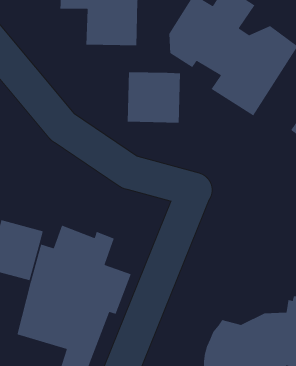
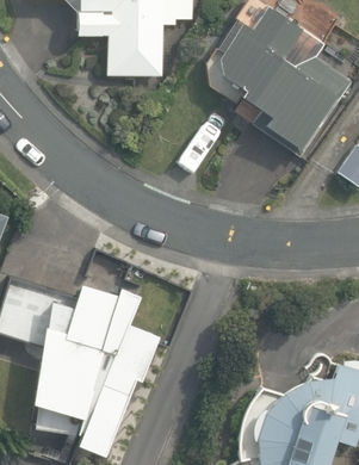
building: [127,72,181,123] -> none

